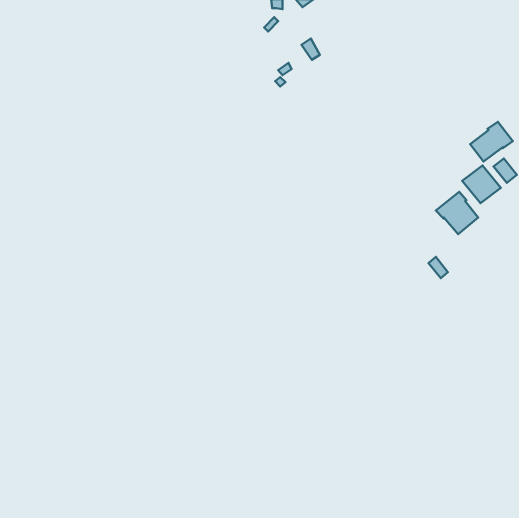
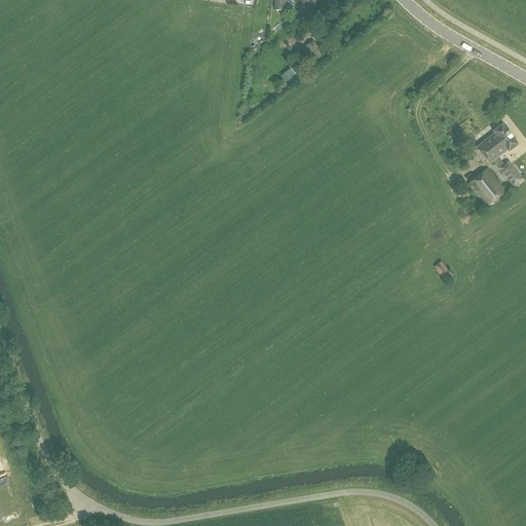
building: [436,192,478,234] -> none

